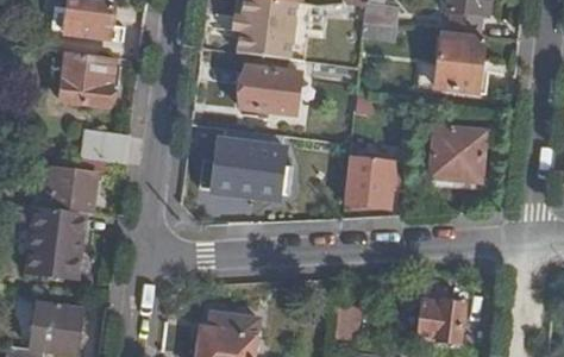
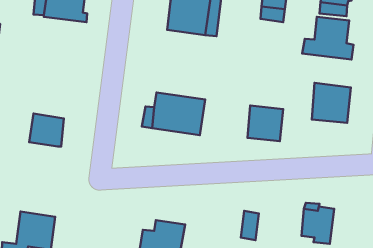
building: [58,56,114,106] -> none
building: [242,68,300,114] -> none
building: [80,132,127,164] -> none
building: [26,205,84,276] -> none

